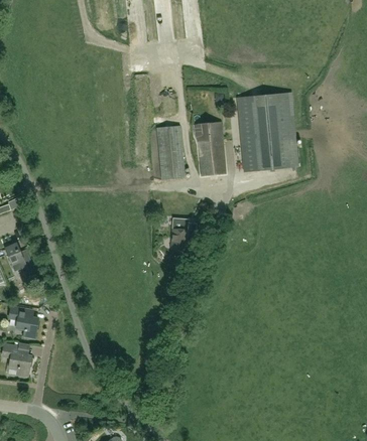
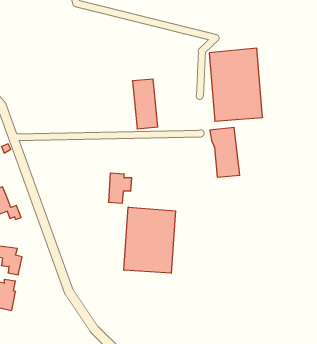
building: [193,122,225,175] -> [210,127,240,177]
building: [170,217,196,250] -> [108,173,132,203]
building: none -> [124,207,175,273]

